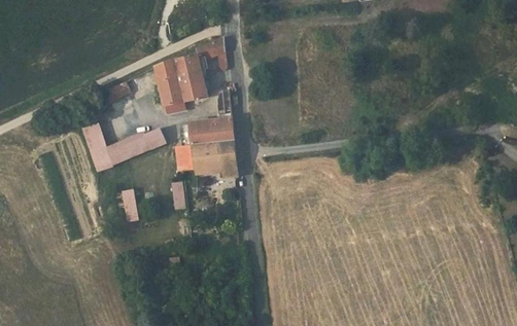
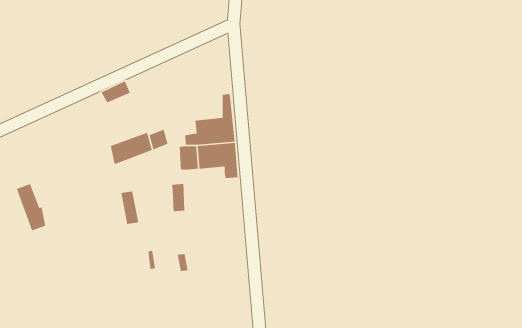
building: [156,37,226,113] -> none
building: [84,121,114,169] -> [16,183,46,231]

